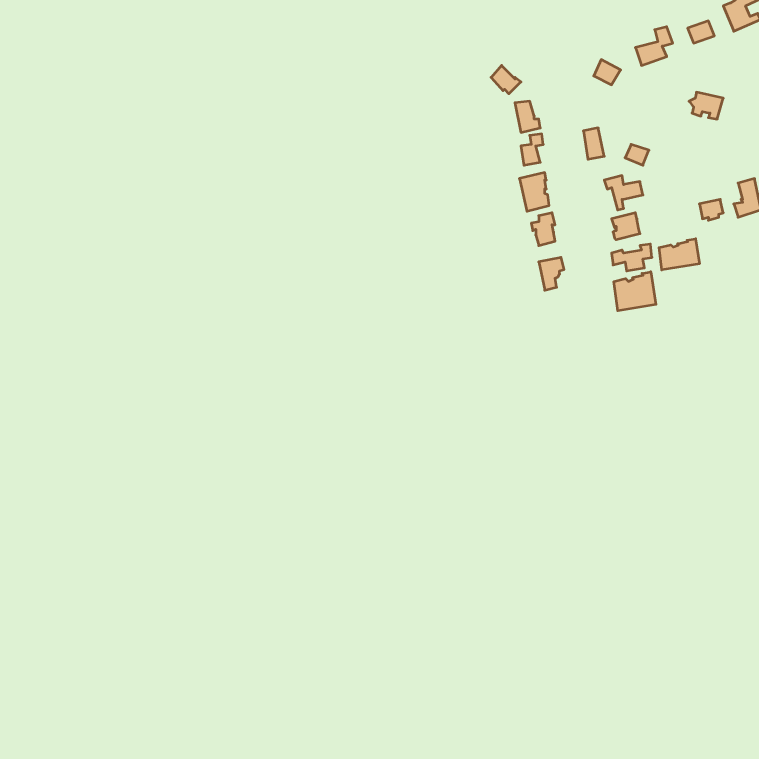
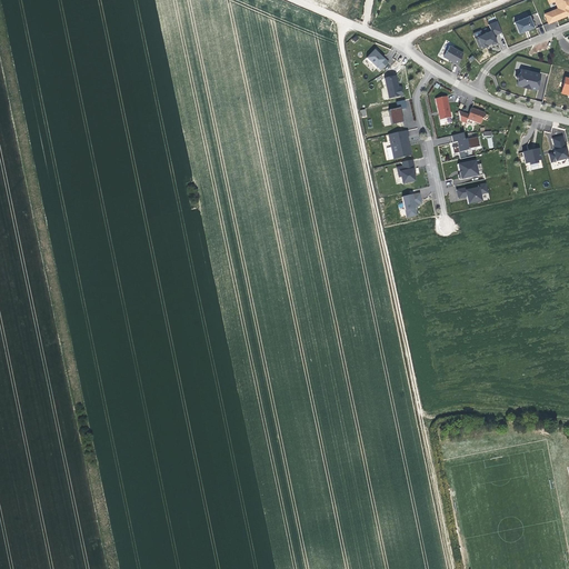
building: [659,239,699,270] -> none
building: [614,272,656,311] -> none

